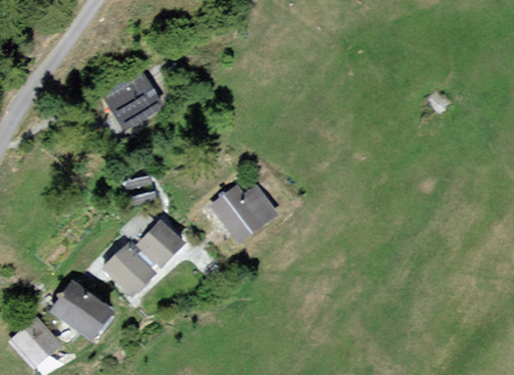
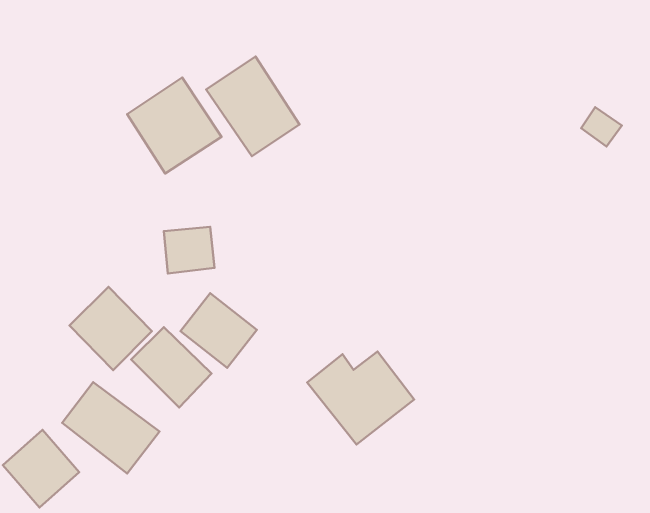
building: none -> [206,57,299,156]
building: [206,181,282,248] -> [307,351,414,445]
building: none -> [70,287,152,370]

